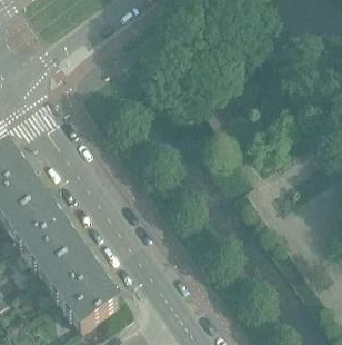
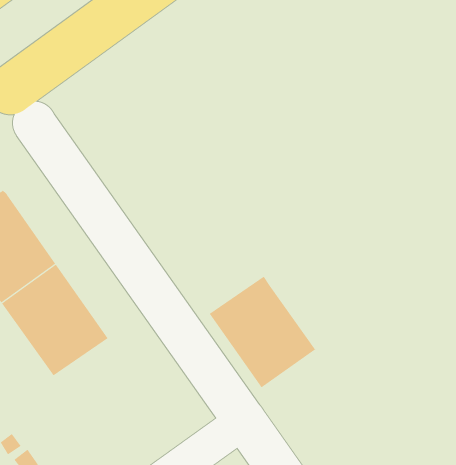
building: [43,247,119,326] -> [209,276,316,388]

